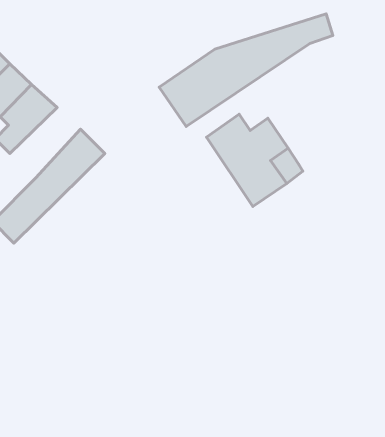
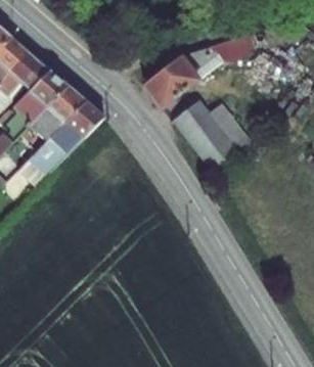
building: none -> [29,90,82,143]

